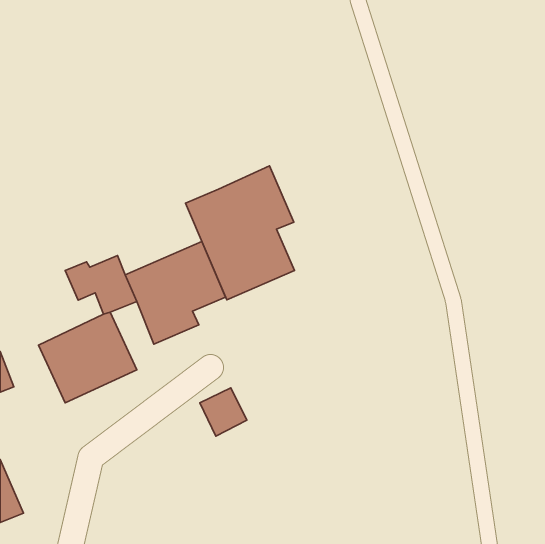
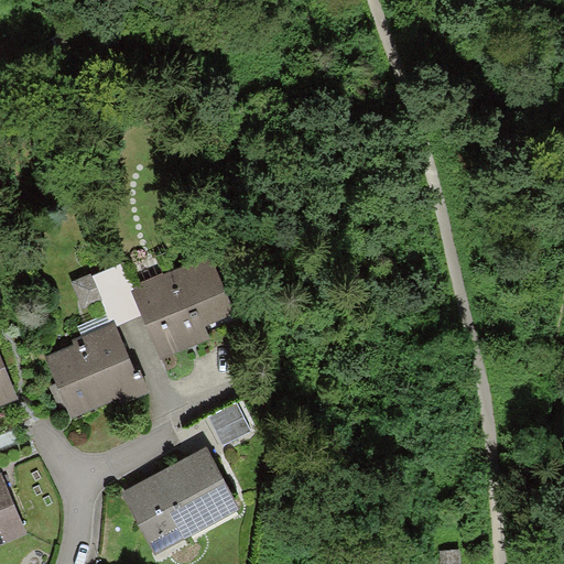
building: [186,166,294,300] -> none
building: none -> [120,447,240,558]

